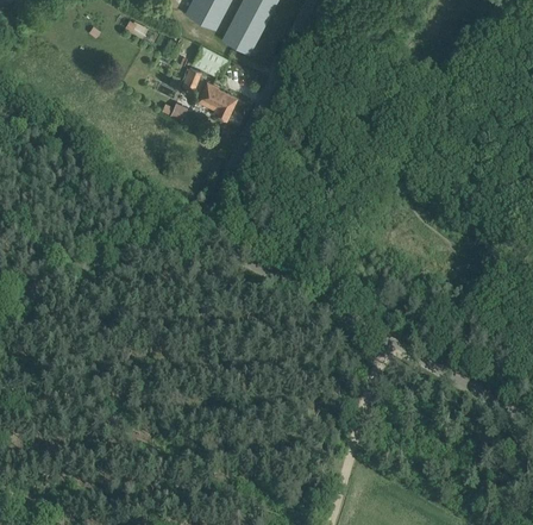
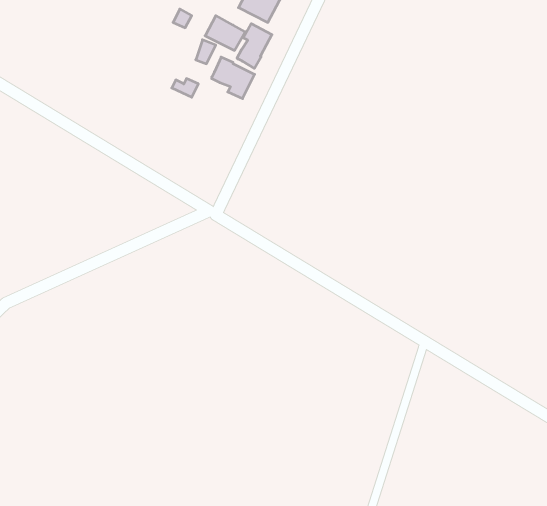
building: none -> [237,24,272,68]

